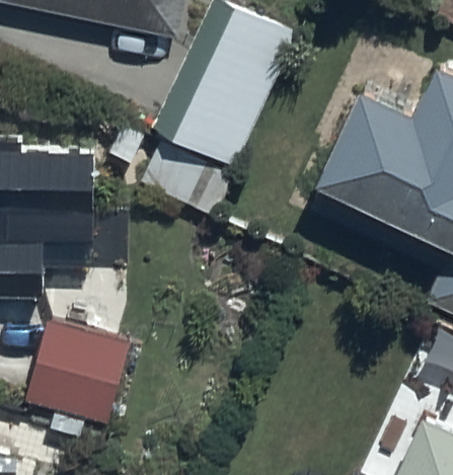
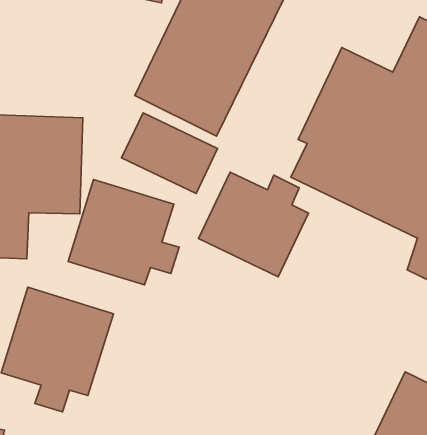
building: none -> [198,172,308,277]
building: none -> [68,179,179,285]

